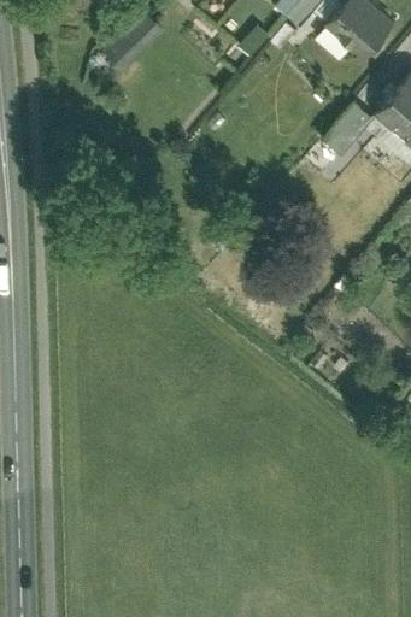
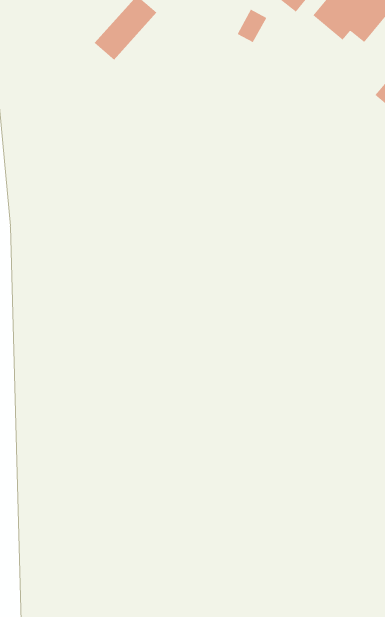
building: [325,101,376,157] -> none

